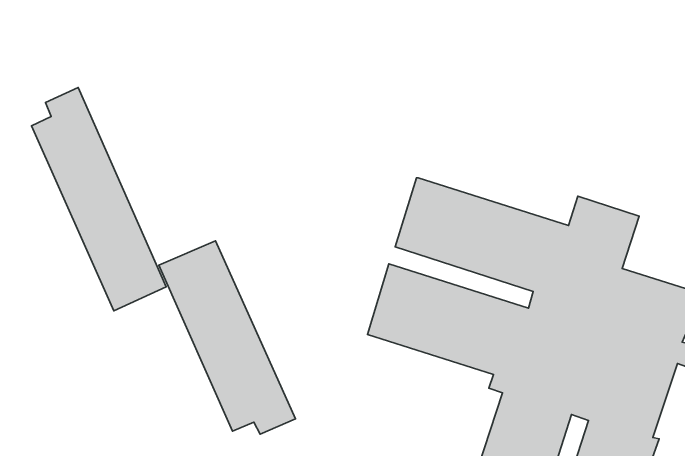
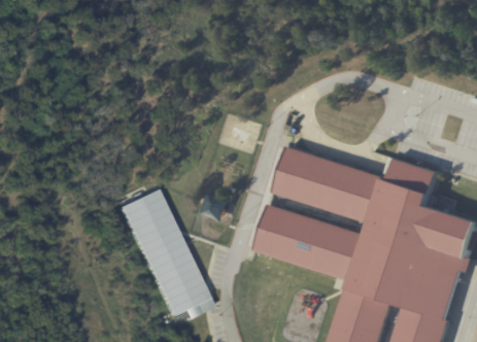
building: [32,88,166,311] -> none

